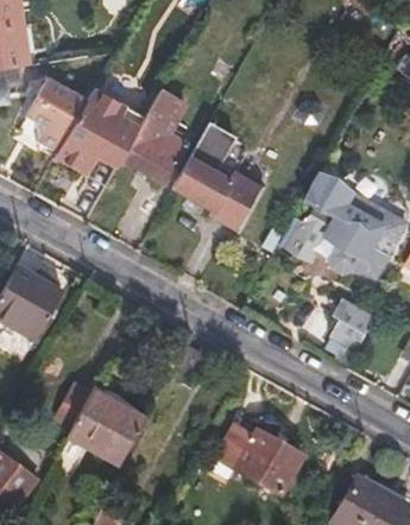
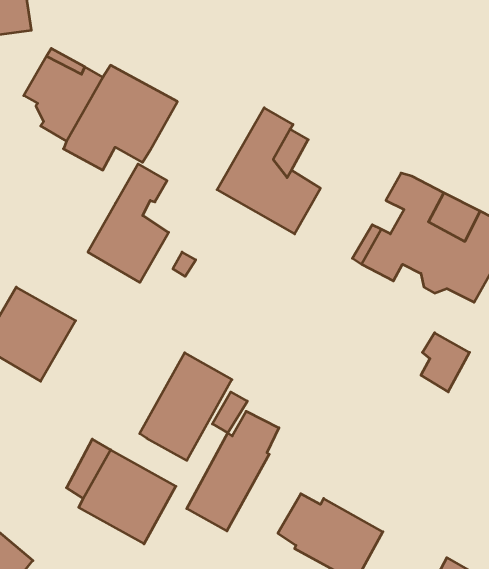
building: [122,89,185,182] -> [88,164,169,282]
building: none -> [140,353,232,460]
building: none -> [187,411,279,531]

